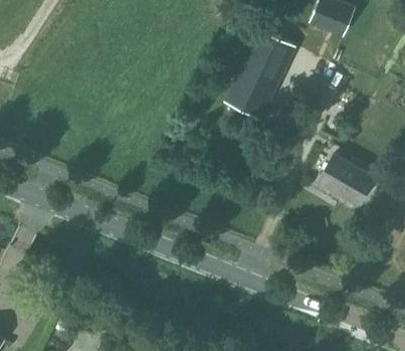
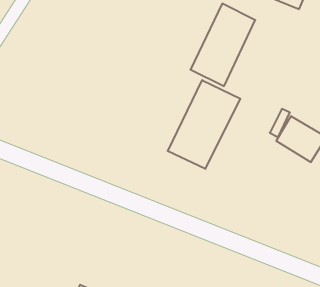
building: none -> [168,80,240,169]

